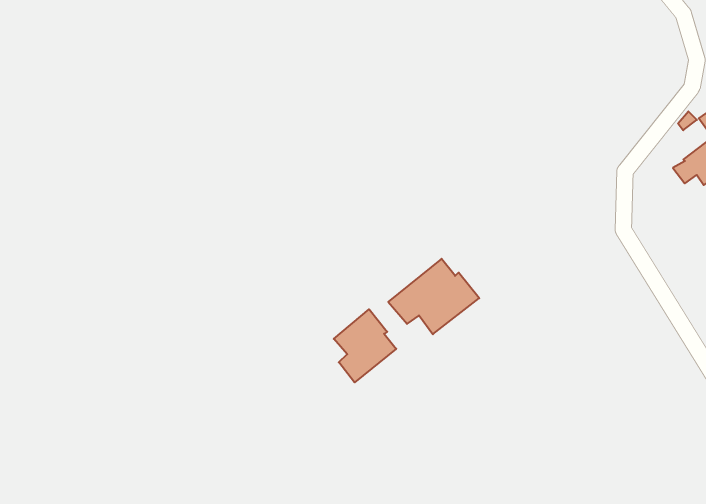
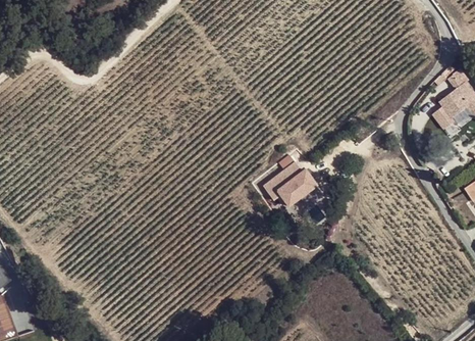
building: [334,309,396,382] -> none

